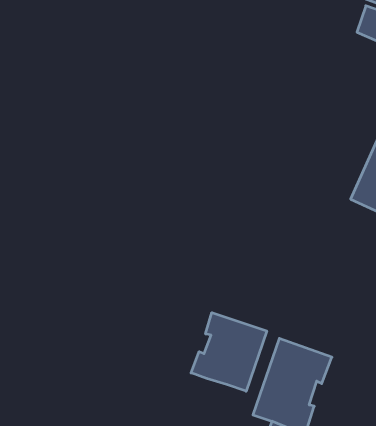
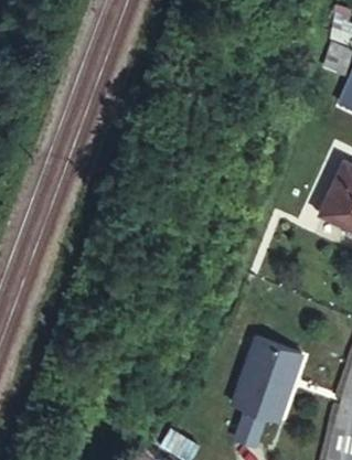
building: [191,313,267,391] -> none

